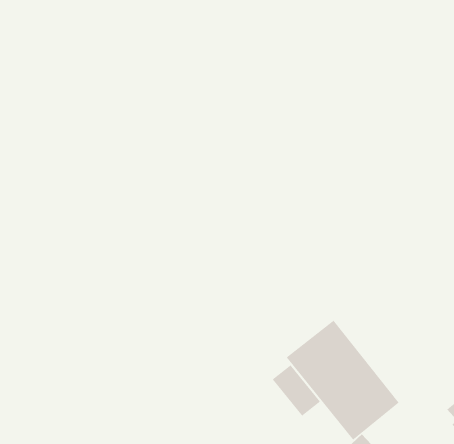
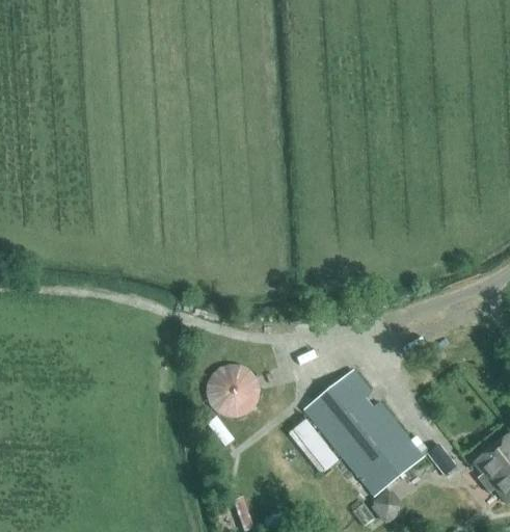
building: none -> [205,364,256,415]

